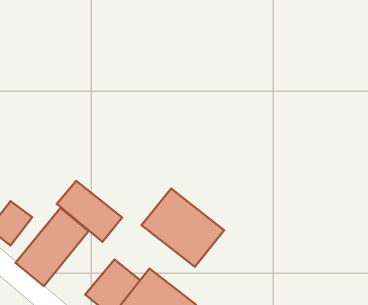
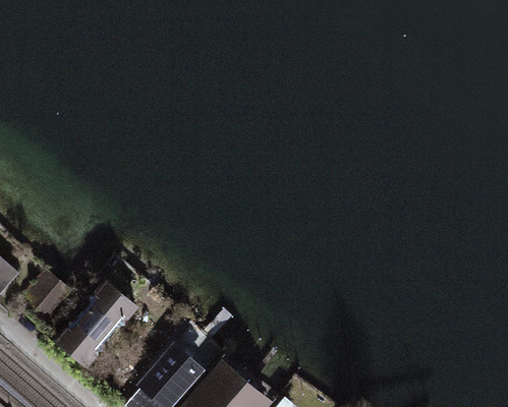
building: [57,181,122,242] -> none
building: [141,189,224,267] -> none

